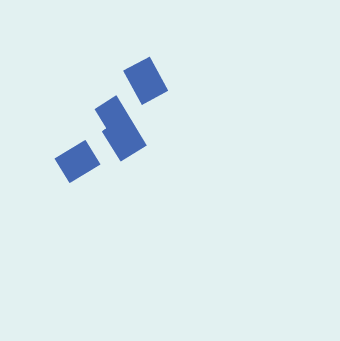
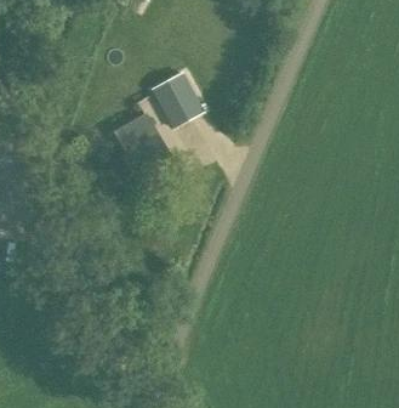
building: [53,139,102,184] -> none

